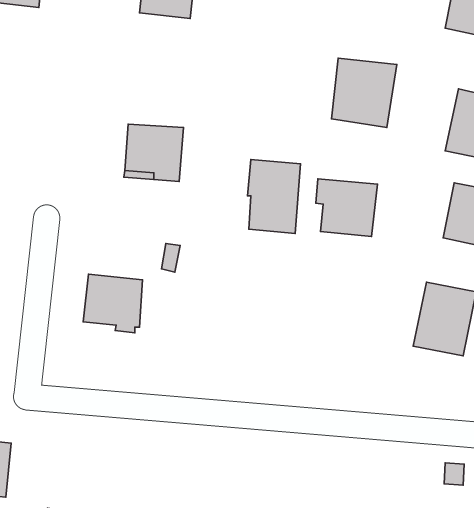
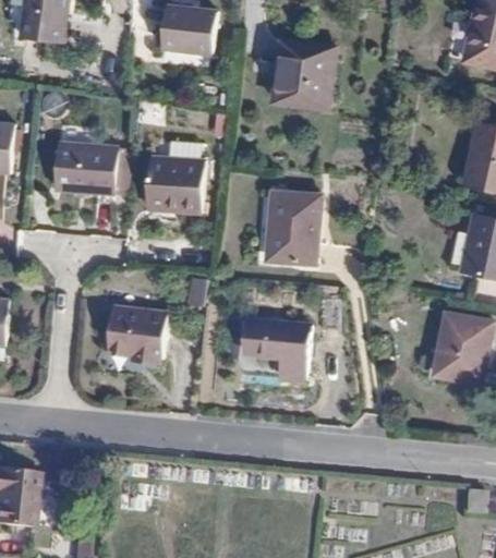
building: [332,58,397,128] -> [273,41,337,110]
building: none -> [56,144,118,194]
building: [316,179,377,237] -> none
building: none -> [245,320,311,381]

